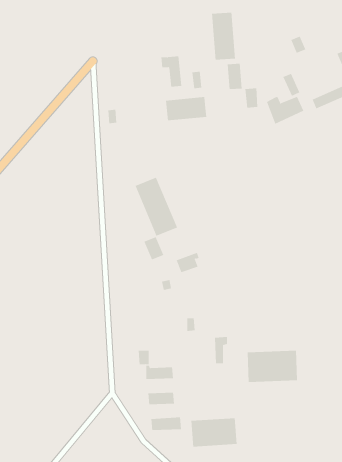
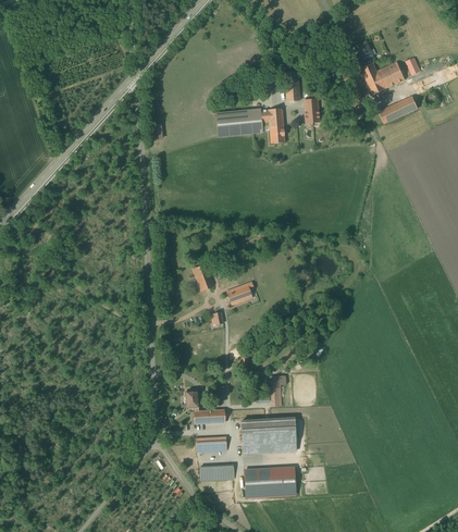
building: [211,12,235,61] -> none
building: [161,56,182,87] -> [260,109,284,144]
building: [266,96,304,124] -> [360,63,403,95]
building: [135,177,178,237] -> none
building: [247,350,298,382] -> [243,419,299,455]

